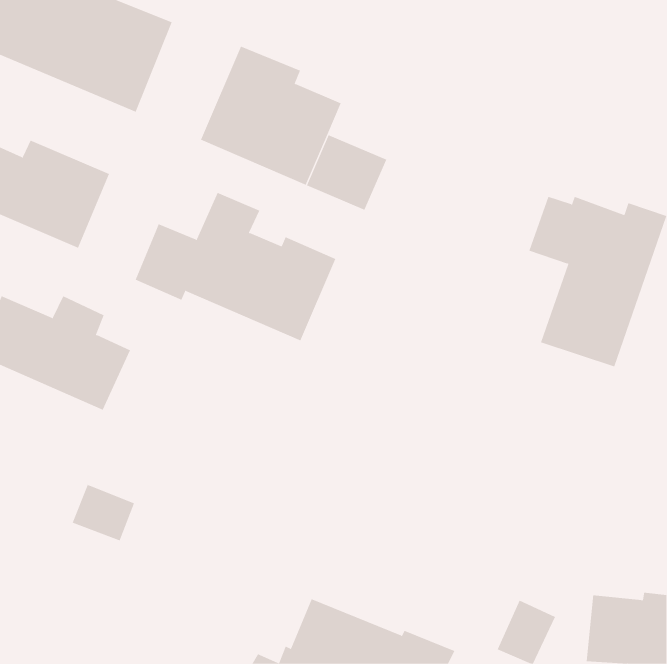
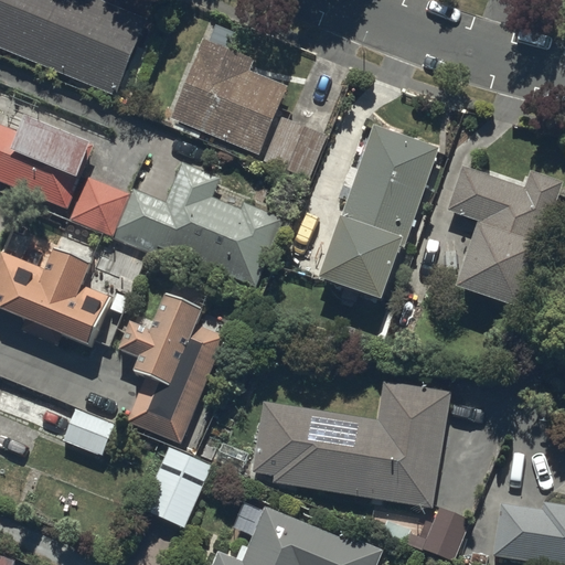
building: none -> [318,125,439,302]
building: none -> [71,175,131,236]
building: none -> [118,296,225,444]
building: none -> [250,382,450,508]
building: none -> [140,447,211,526]

